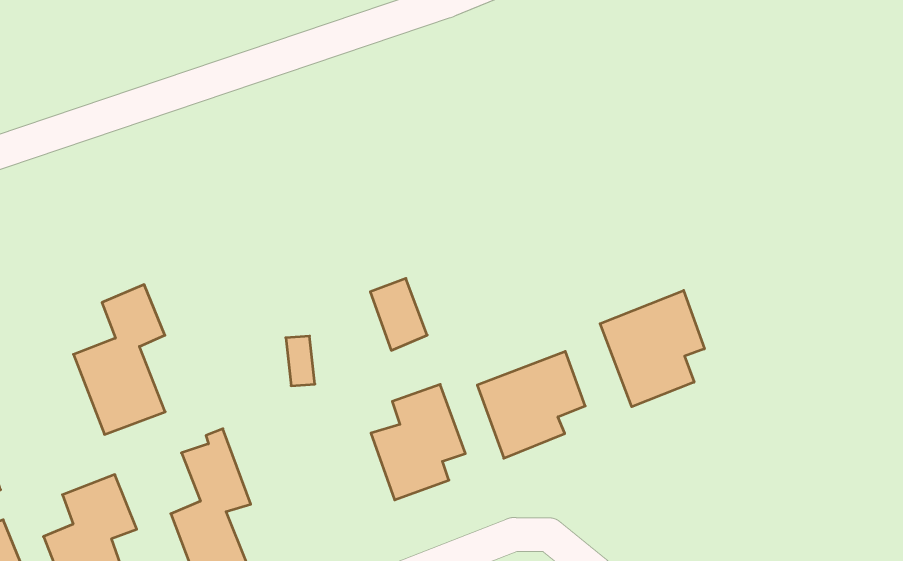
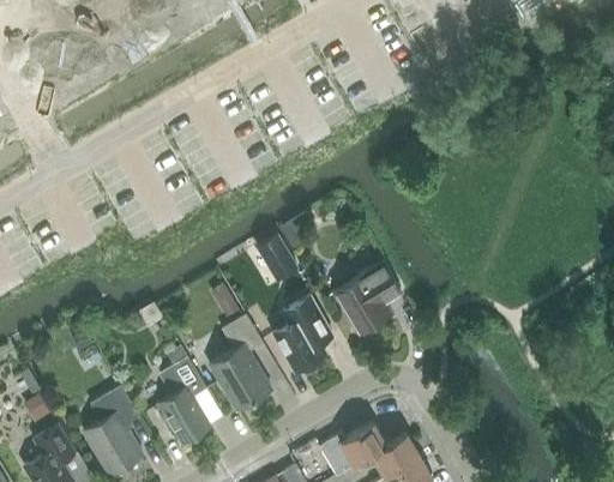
building: [73,285,165,434] -> [210,314,272,410]
building: [600,290,704,407] -> none

